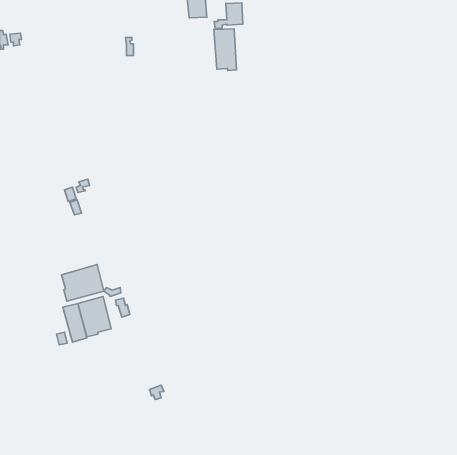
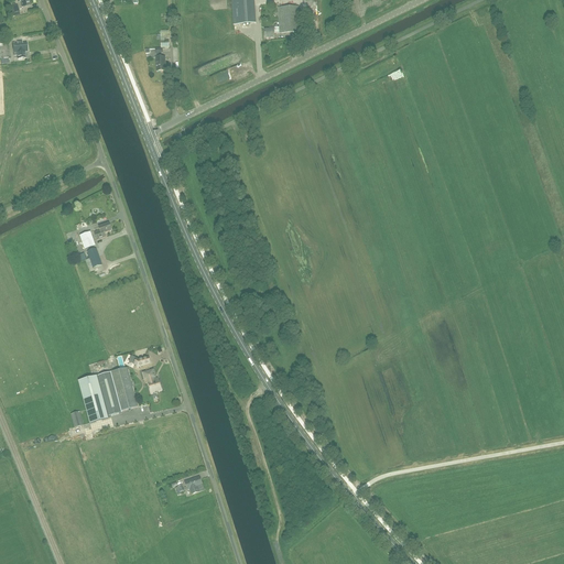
building: [214,29,237,71] -> none
building: [62,265,104,301] -> none

